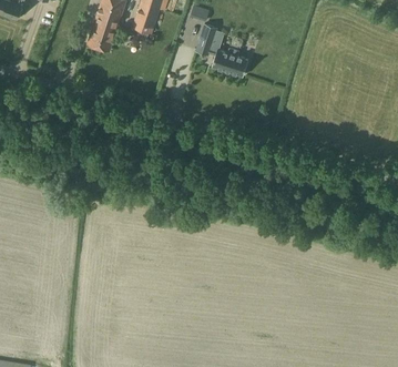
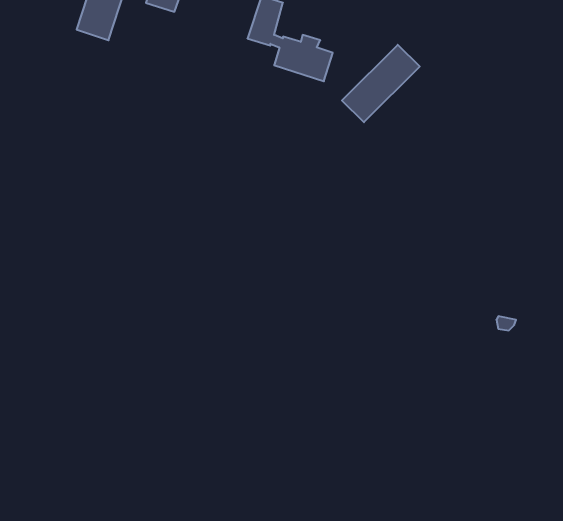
building: none -> [342,45,420,122]

